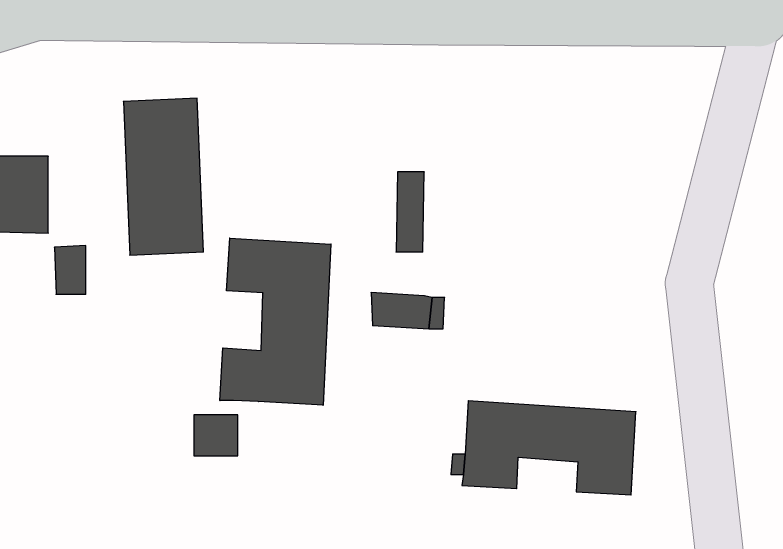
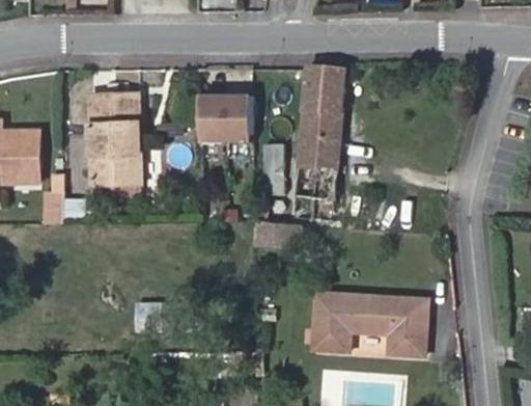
building: none -> [292,62,346,220]
building: none -> [199,96,252,142]
building: [220,238,331,405] -> none

